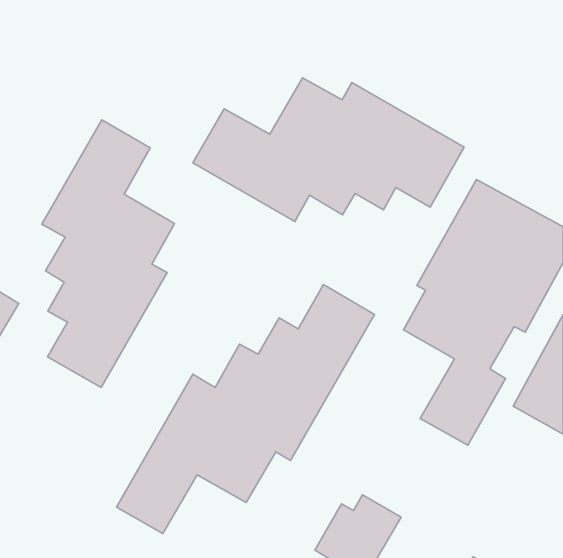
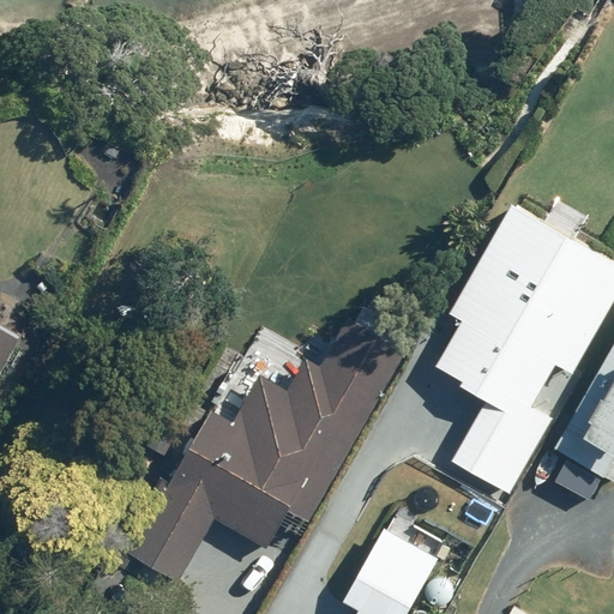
building: [193,78,464,222] -> none
building: [42,120,175,387] -> none

